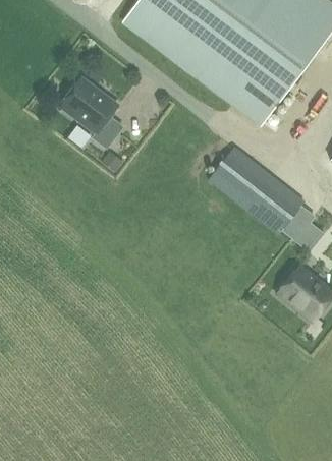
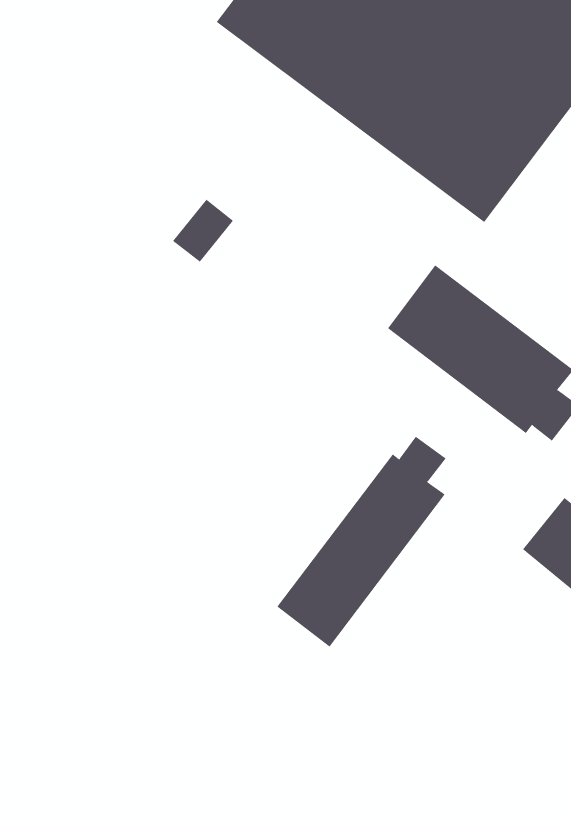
building: [61,77,119,133] -> none
building: none -> [277,436,446,647]

